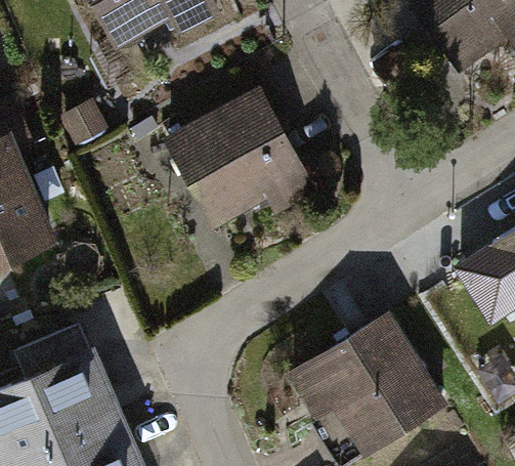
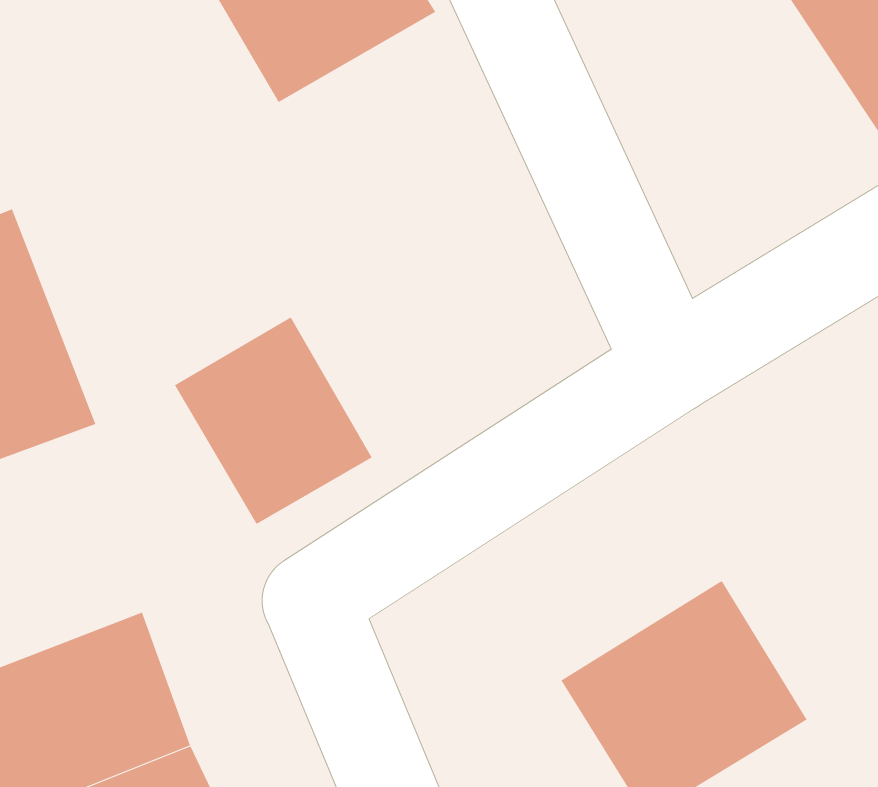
building: [195,88,339,238] -> none
building: none -> [174,317,372,525]

